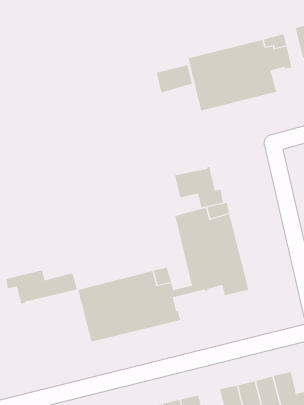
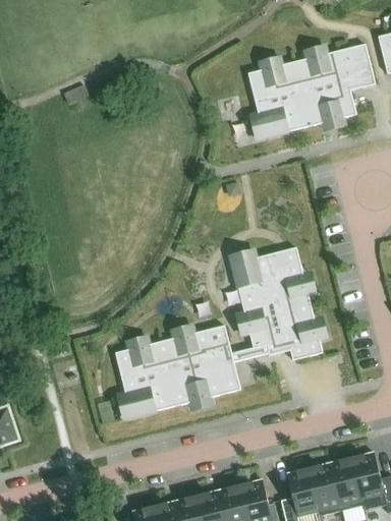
building: [156,65,193,93] -> none
building: [174,166,224,208] -> none
building: [6,269,77,304] -> none

